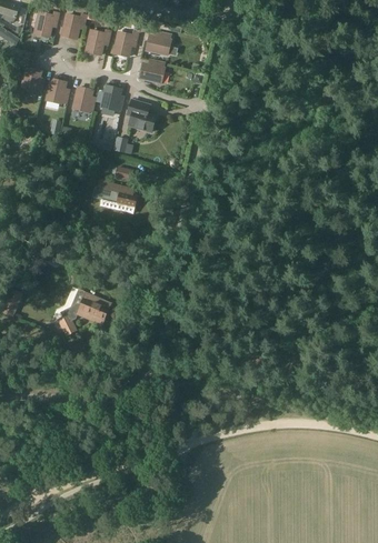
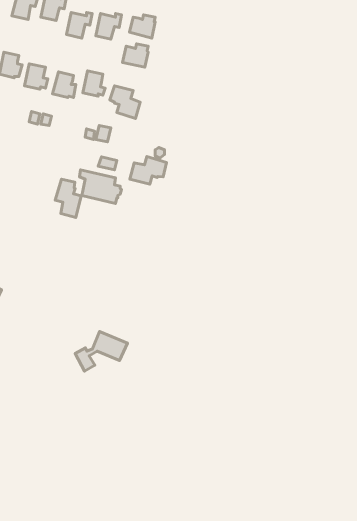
building: none -> [130,157,166,184]
building: none -> [55,179,81,218]
building: [59,298,109,335] -> [75,331,128,371]

